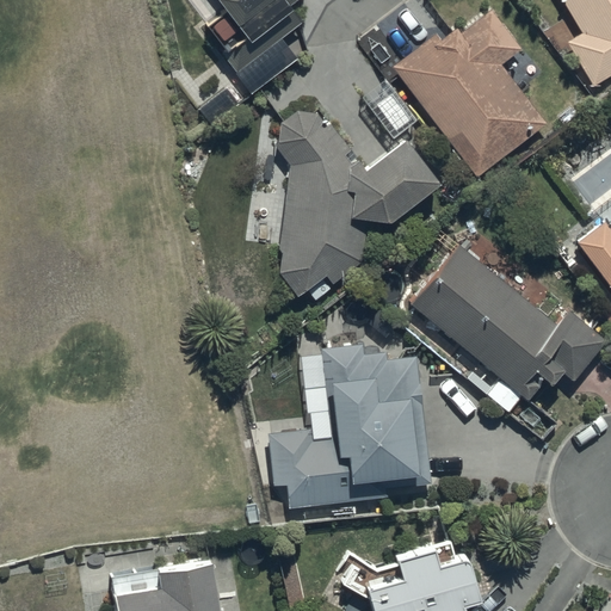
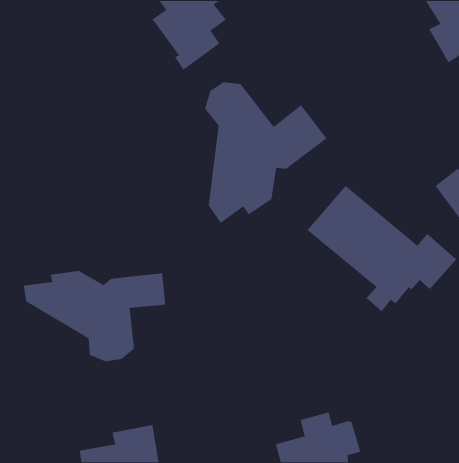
building: [394,6,550,179] -> none
building: [269,344,428,508] -> none
building: none -> [23,270,166,362]

